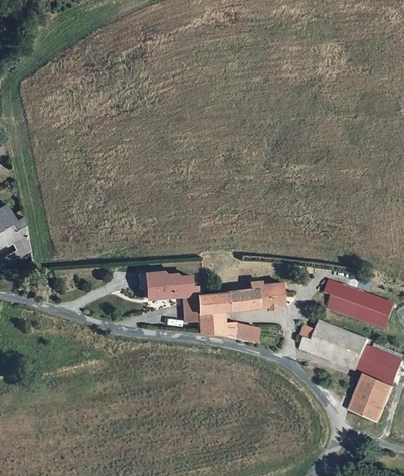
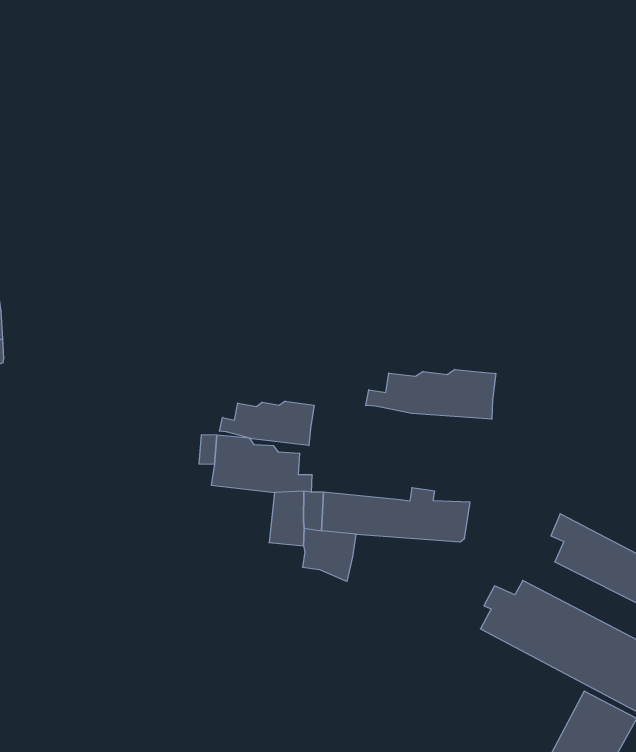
building: none -> [366,369,496,419]
building: none -> [220,401,314,446]
building: [226,323,261,344] -> none

